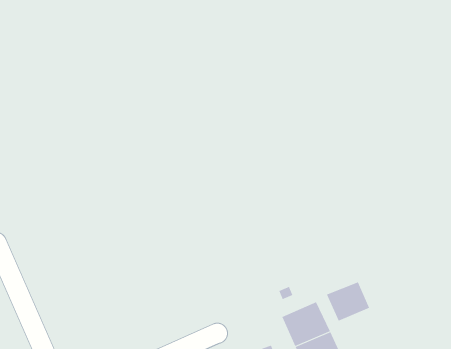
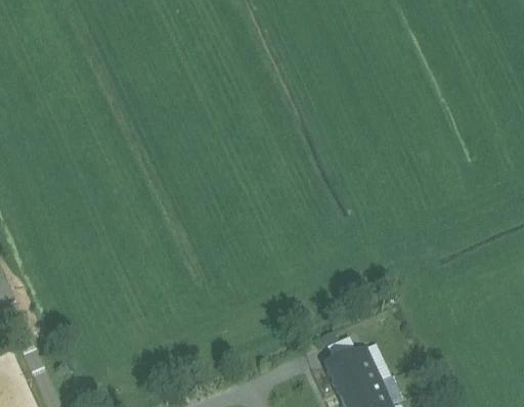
building: [326,281,370,321] -> none

